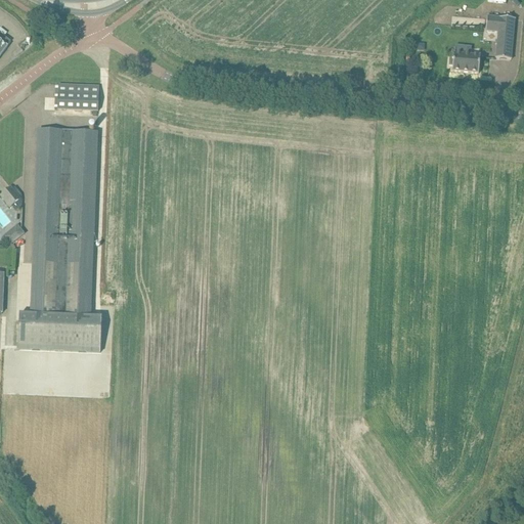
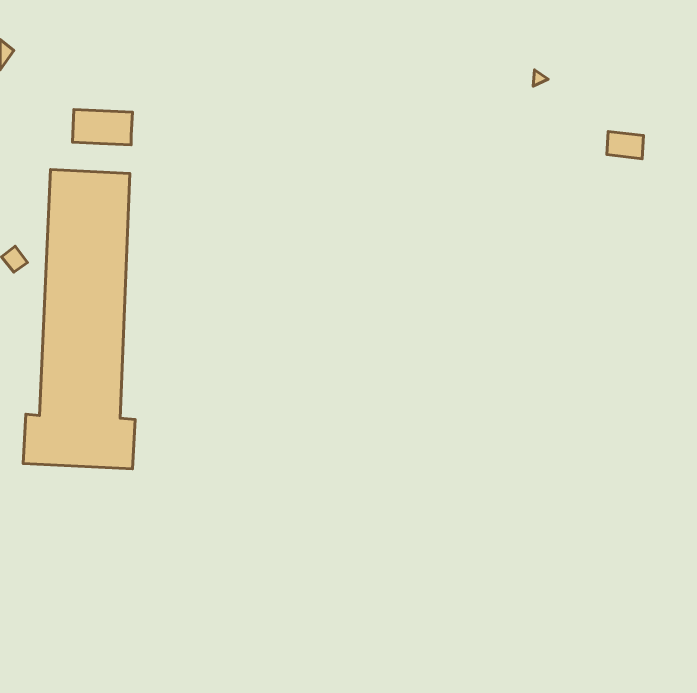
building: [487,13,516,56] -> none
building: [453,50,481,71] -> [607,131,644,159]

